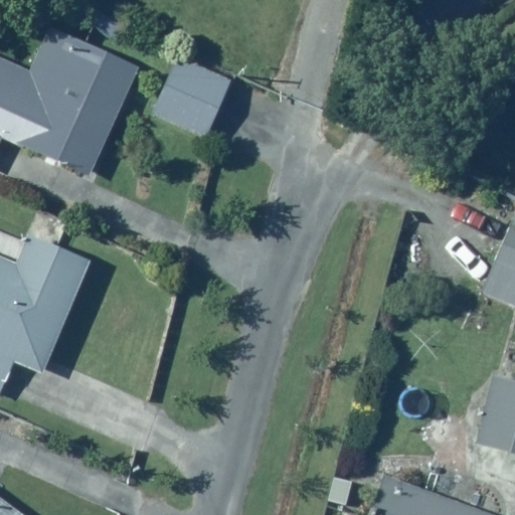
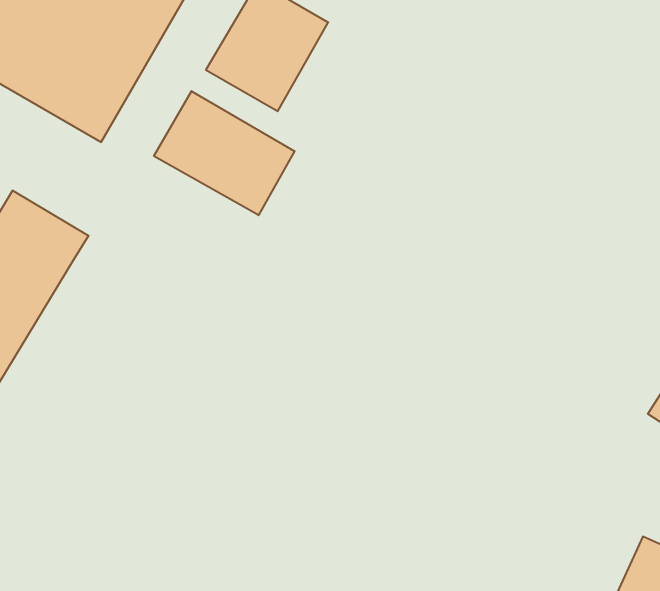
building: none -> [154,91,295,215]

